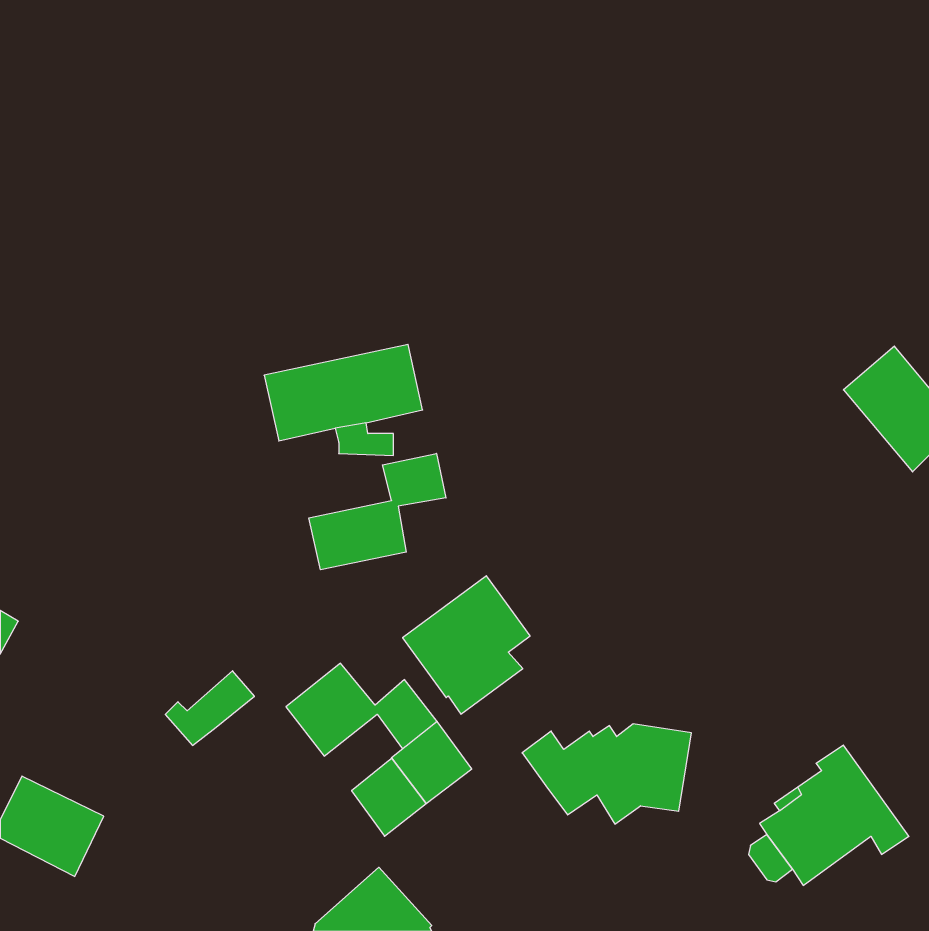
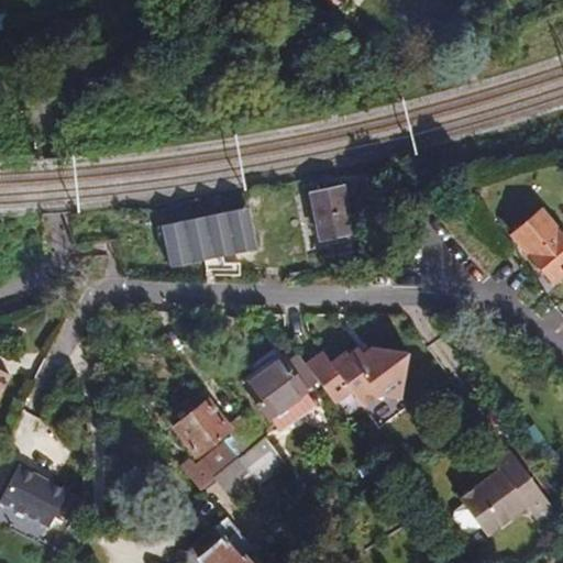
building: none -> [310,187,352,239]
building: [309,453,446,570] -> none
building: [165,671,254,745] -> [183,443,236,488]
building: [522,724,691,824] -> [307,346,409,407]

